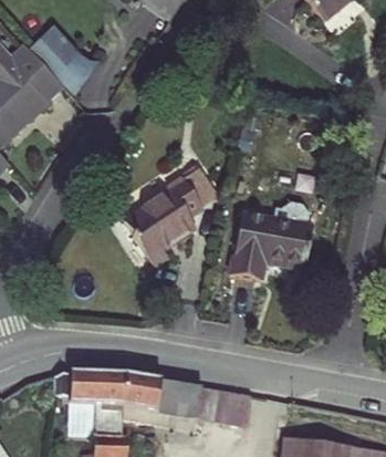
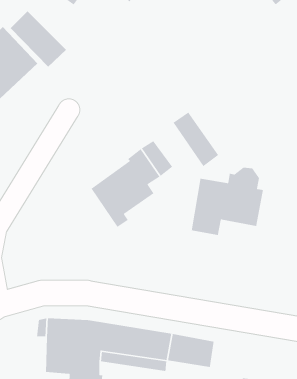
building: none -> [173,111,219,167]

